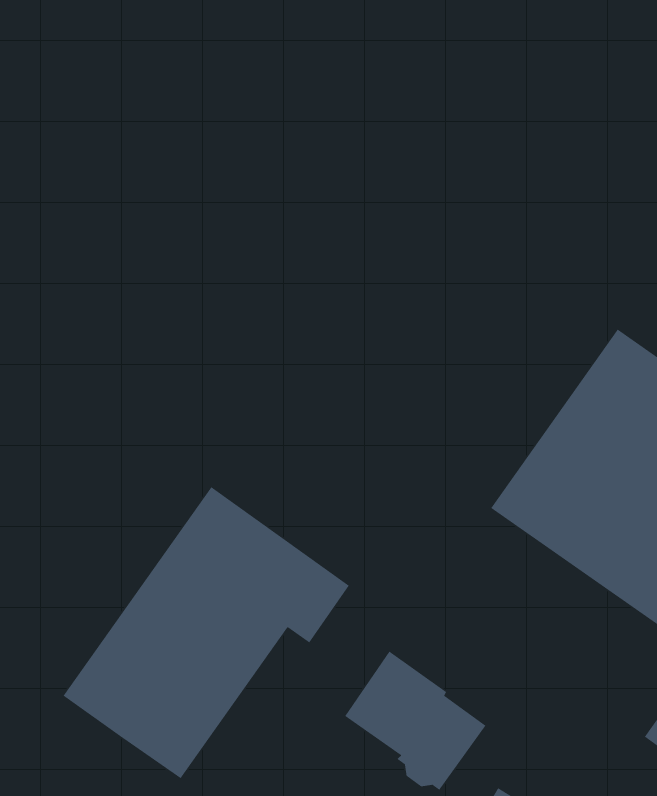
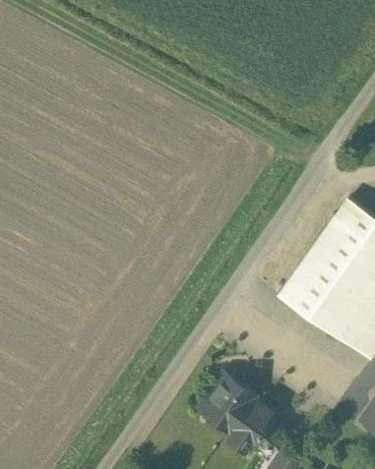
building: [62,486,350,779] -> none

